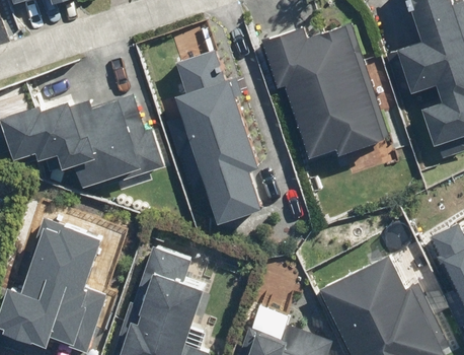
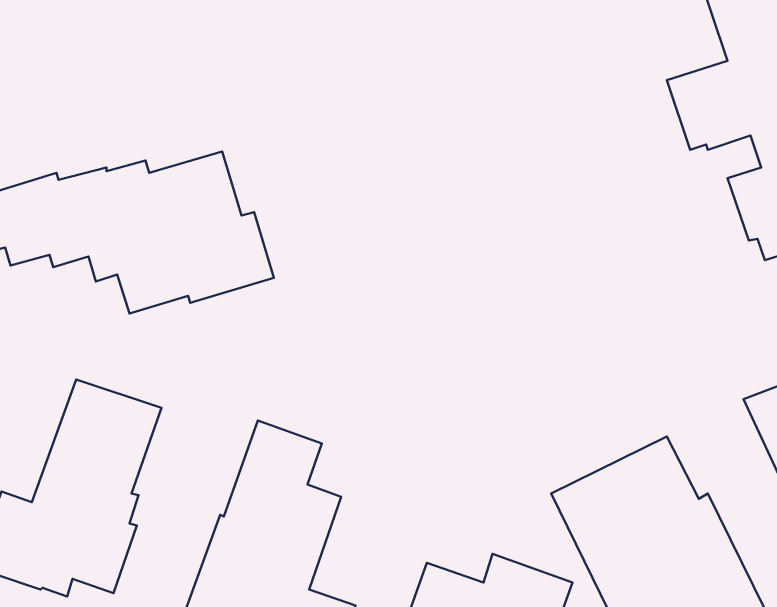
building: [264,27,384,157] -> none
building: [170,51,260,224] -> none

